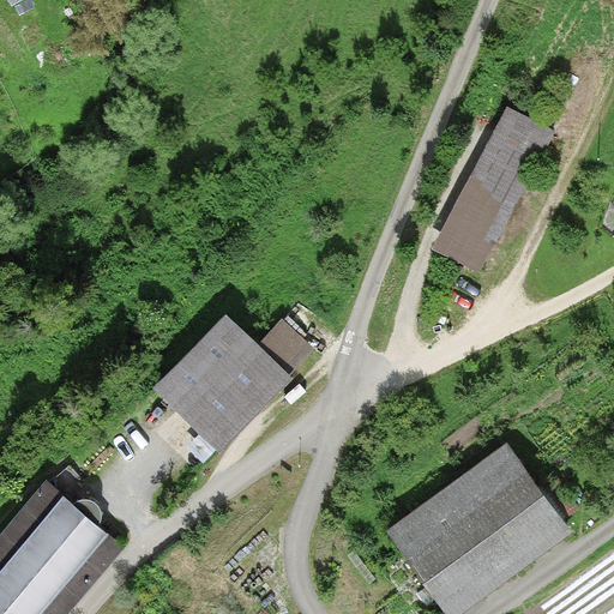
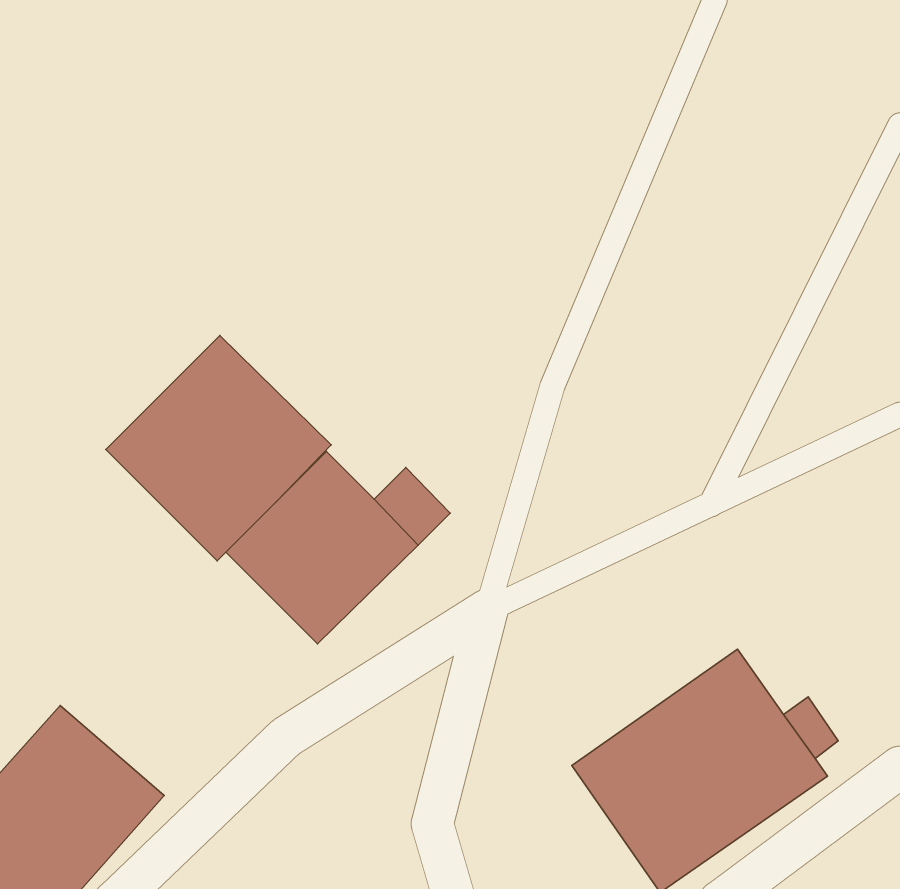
building: [434,114,549,271] -> none
building: none -> [106,336,331,561]

